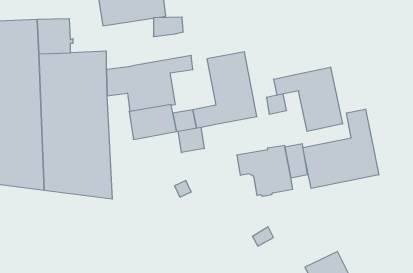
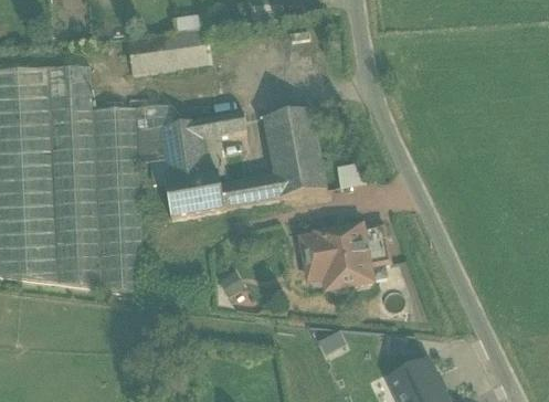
building: [153,17,183,36] -> [135,105,172,129]
building: [274,67,343,131] -> none
building: [303,109,379,188] -> none
building: [178,127,204,153] -> none

